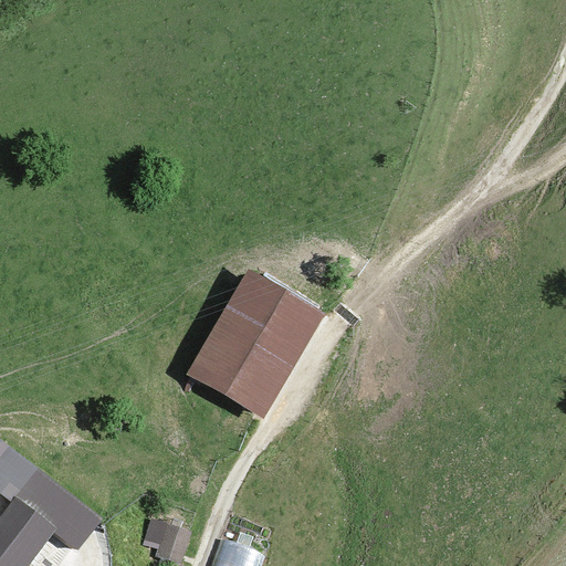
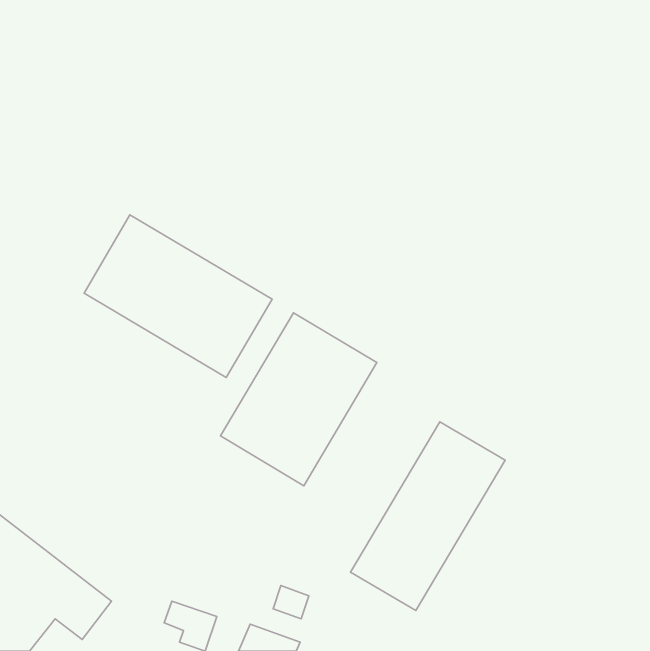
building: none -> [84,215,272,377]
building: none -> [350,422,505,610]

